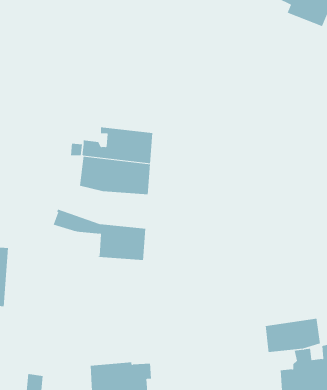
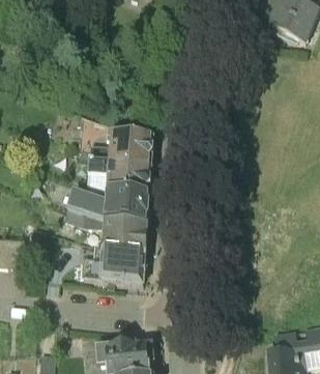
building: none -> [67,190,149,223]
building: none -> [83,247,148,284]
building: [265,318,321,353] -> none

